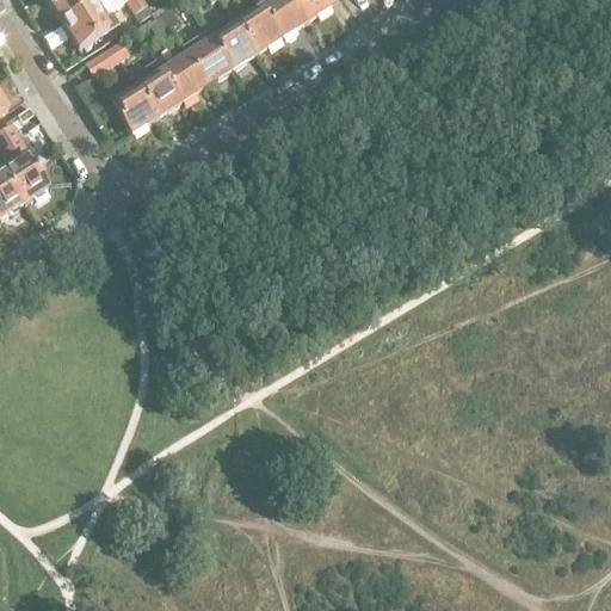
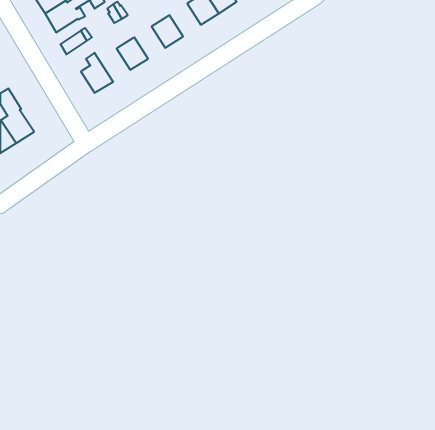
building: [237,5,282,51] -> none
building: [181,29,232,82] -> none
building: [132,67,183,115] -> none

